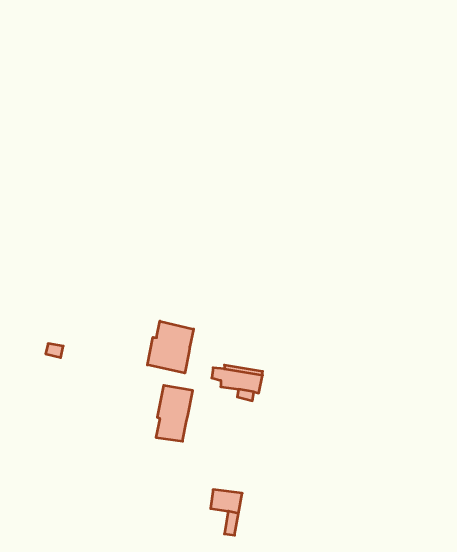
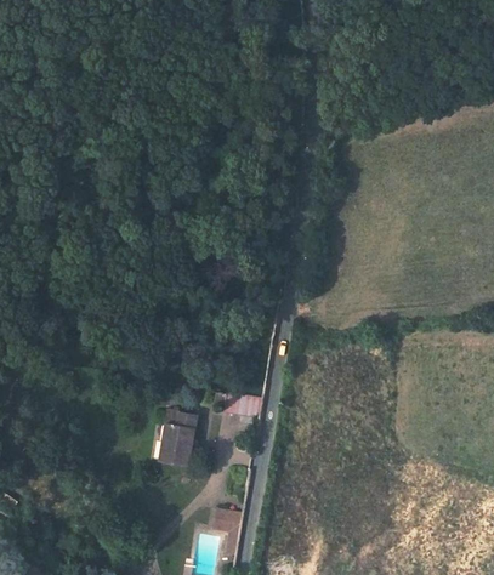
building: [147,321,194,373] -> none

